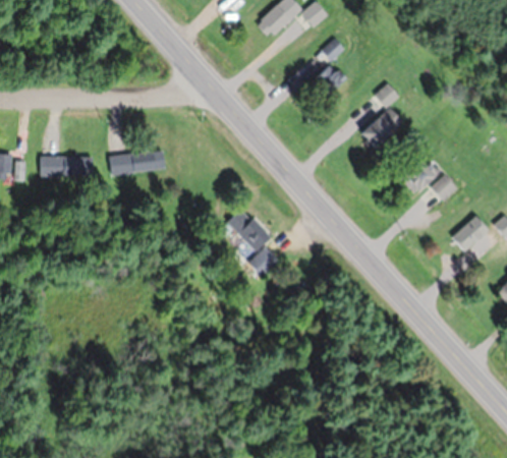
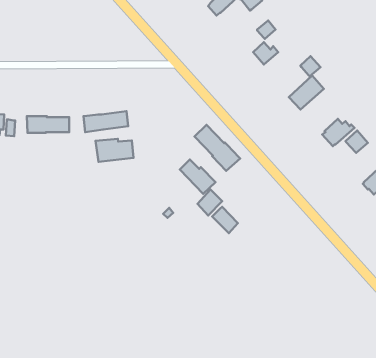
building: none -> [195,125,240,171]
building: none -> [96,139,134,162]
building: none -> [212,207,238,233]

